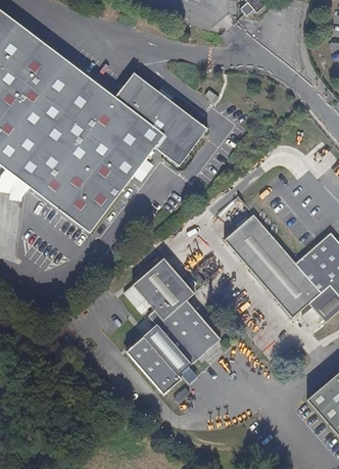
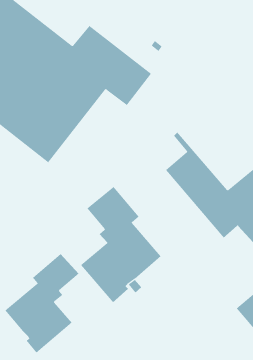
building: none -> [5,253,79,354]

